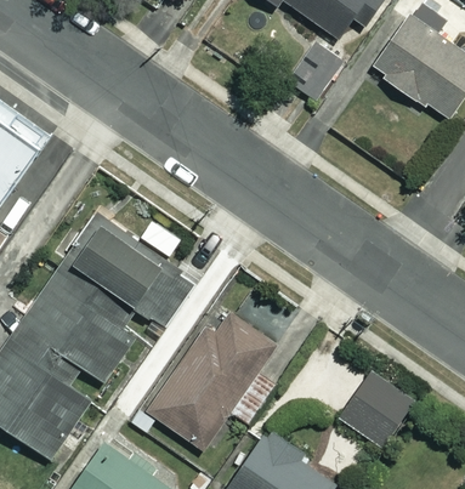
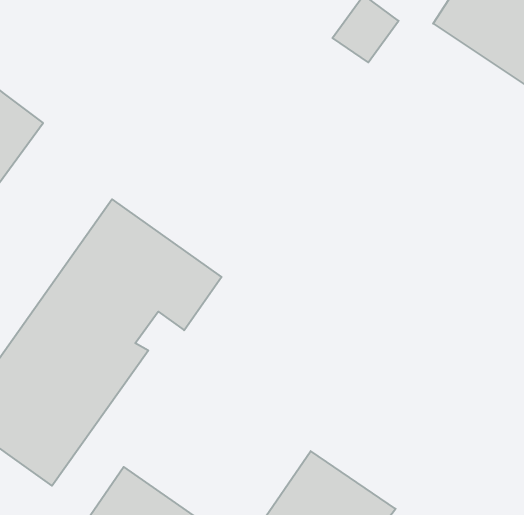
building: [144,311,276,450] -> none
building: [340,373,415,449] -> none

